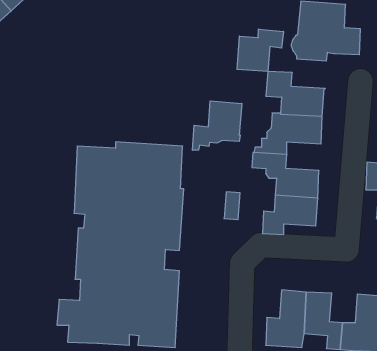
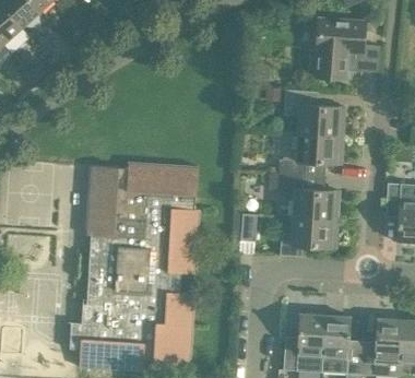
building: [237,29,283,72] -> none
building: [192,101,242,150] -> none

